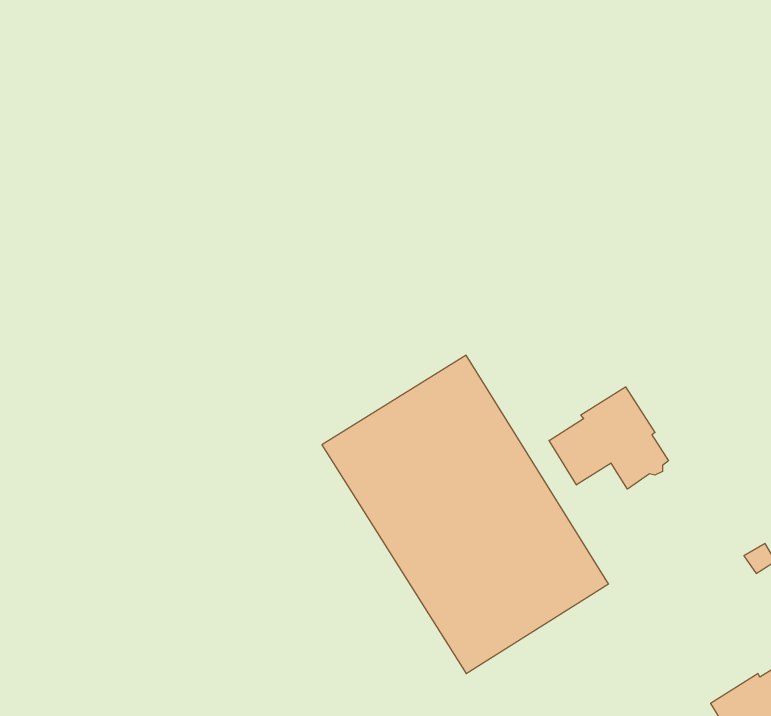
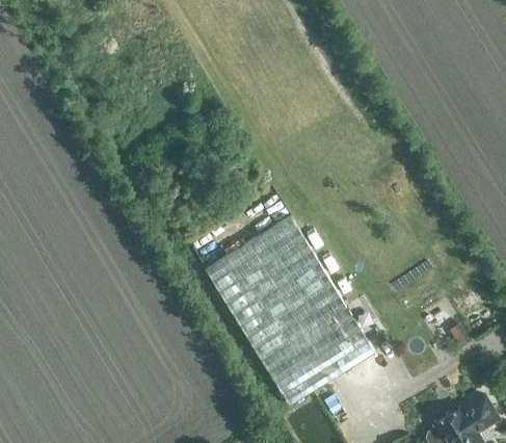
building: [549,387,668,489] -> none

